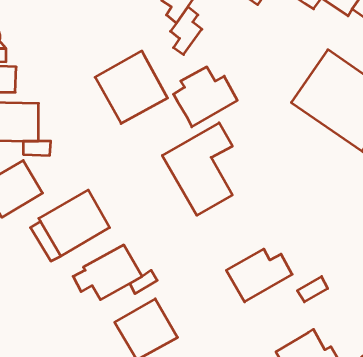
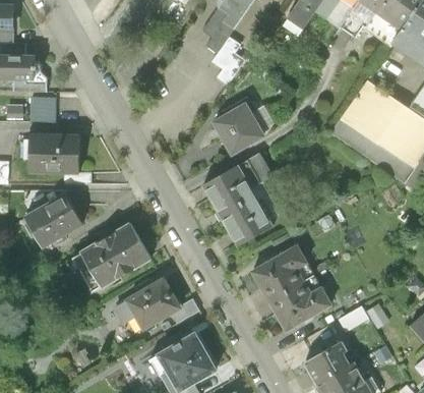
building: [95,51,168,124] -> none
building: none -> [249,244,308,301]
building: none -> [304,341,349,383]

